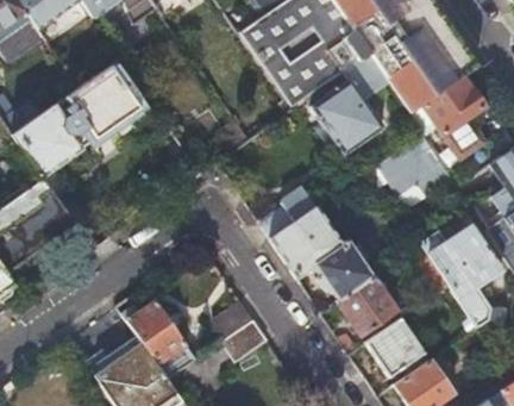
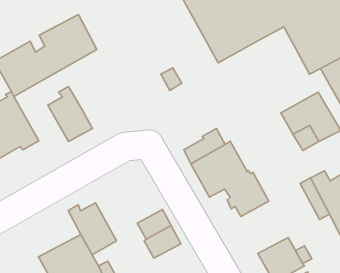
building: [311,56,388,156] -> none
building: none -> [48,86,92,142]
building: [338,276,397,335] -> none

